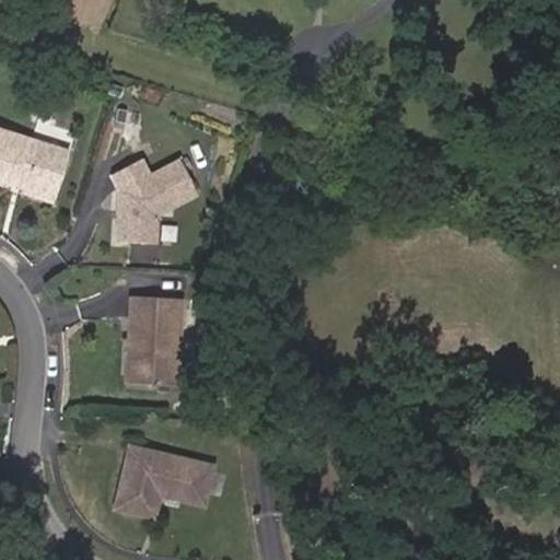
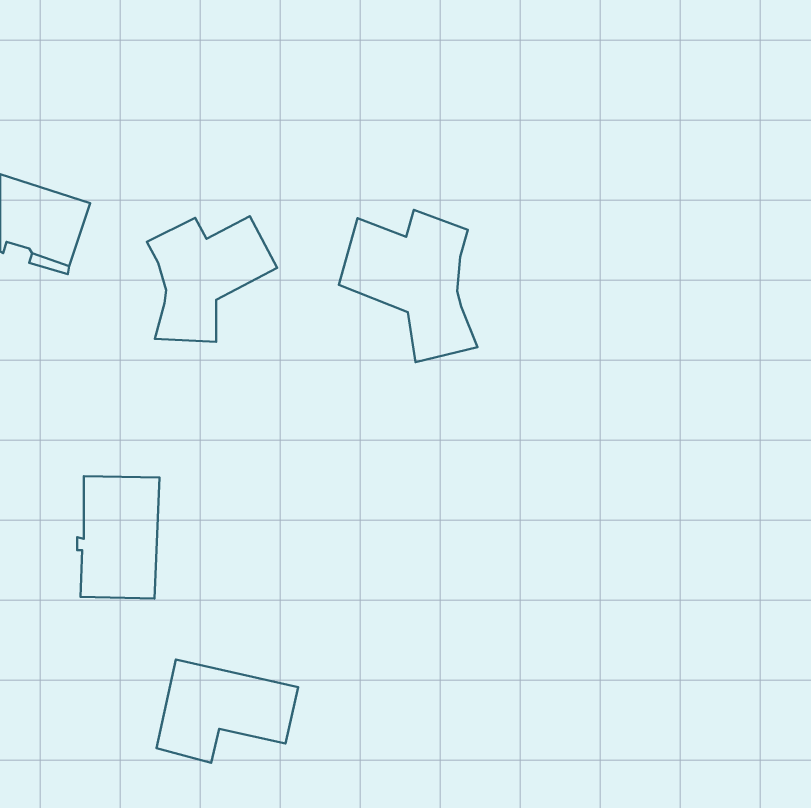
building: none -> [339,210,478,362]
building: [124,294,179,377] -> [77,476,159,599]

